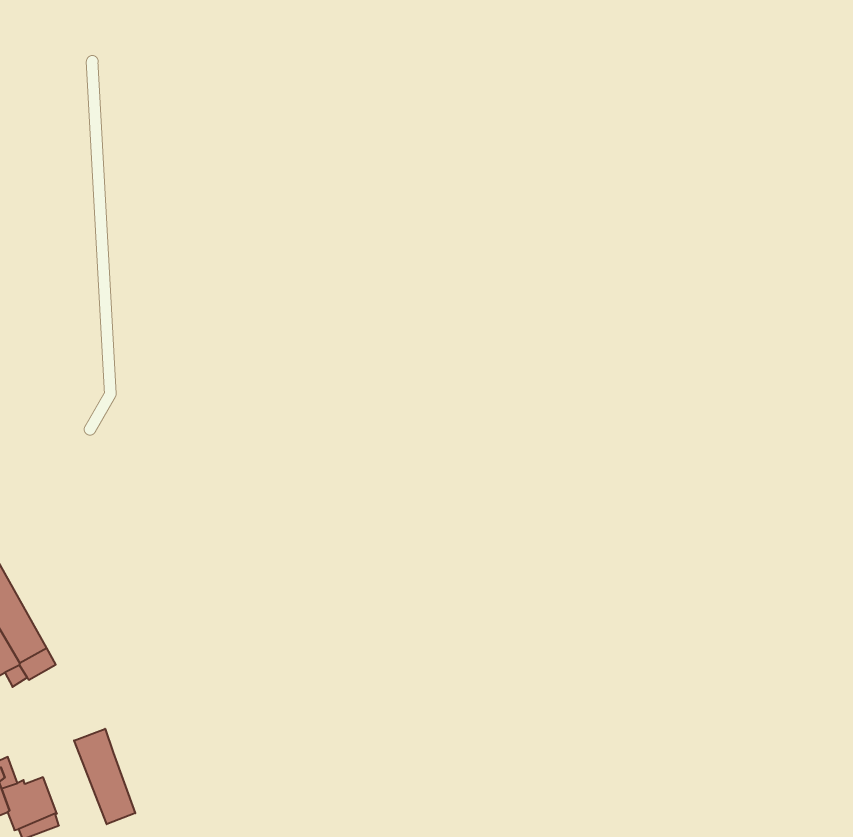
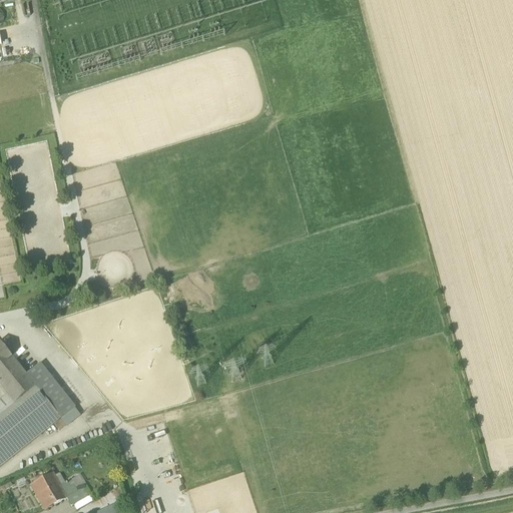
building: [74,729,135,824] -> none

